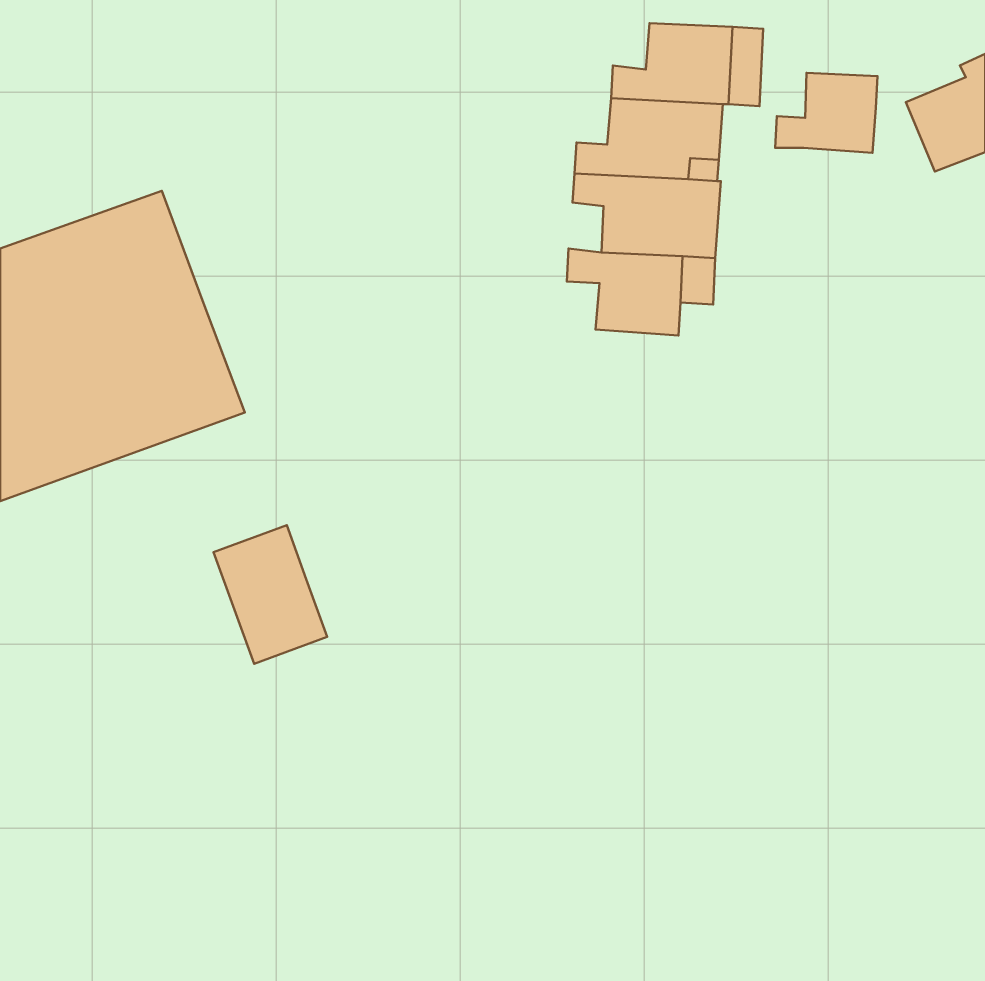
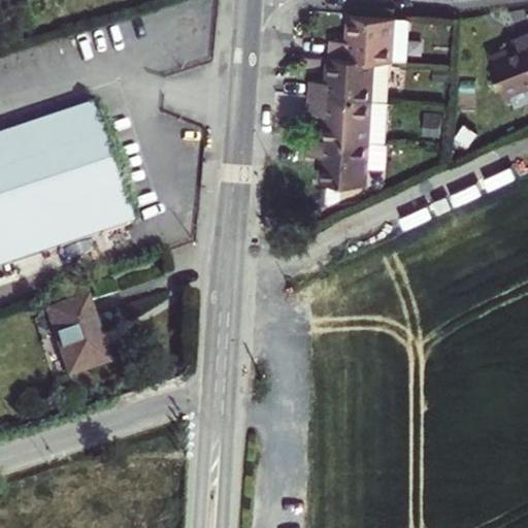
building: [775,73,878,153] -> none
building: [214,525,327,664] -> [47,299,108,373]

